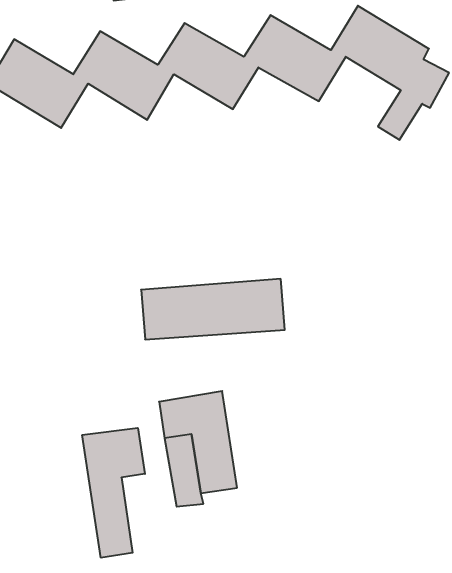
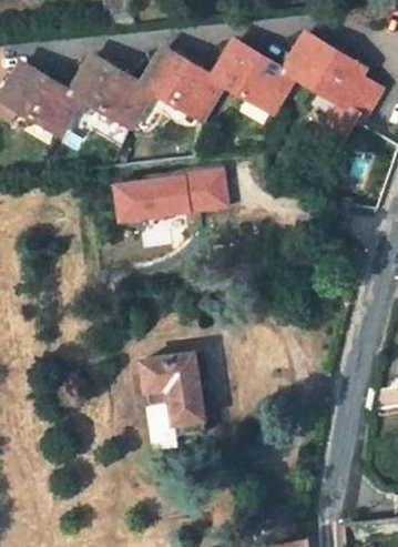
building: [141,279,285,339] -> [106,169,225,219]
building: [82,428,145,558] -> none

